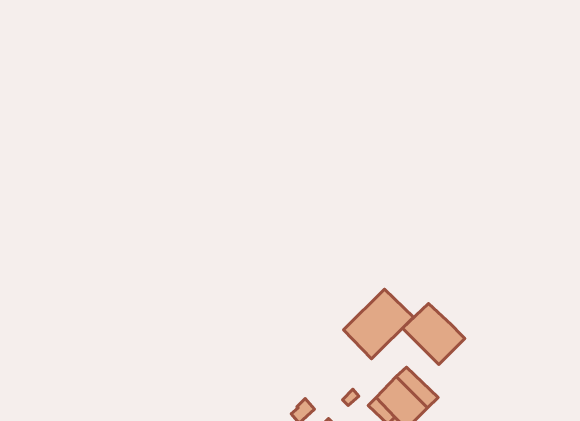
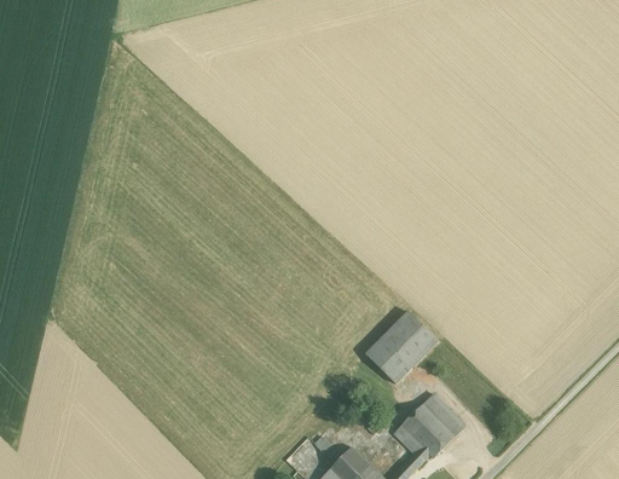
building: [402,303,465,365] -> none

